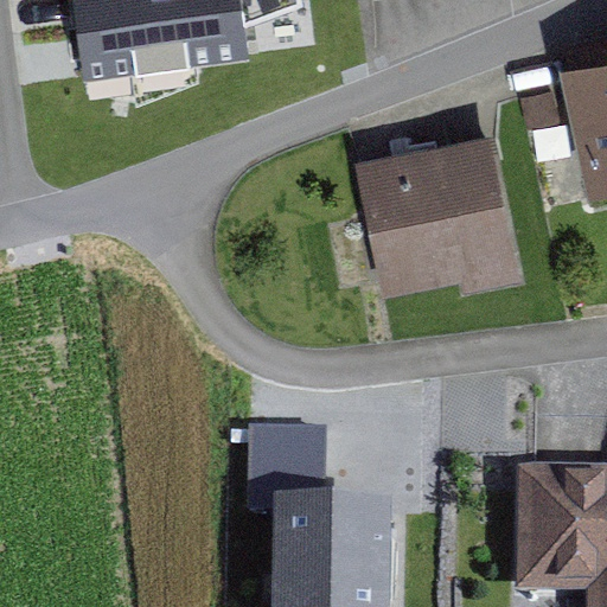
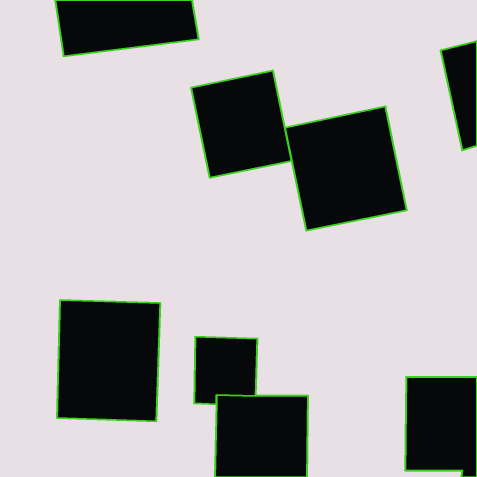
building: none -> [191,70,292,178]
building: none -> [57,300,160,421]

